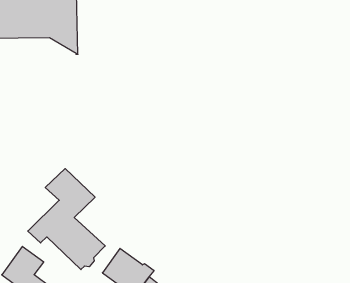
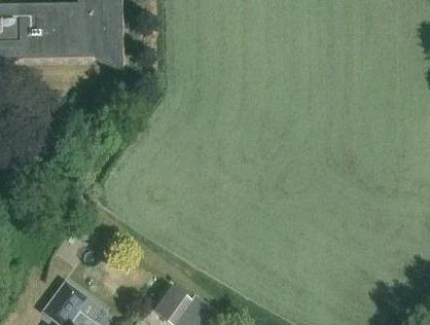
building: [28,169,105,270] -> none

